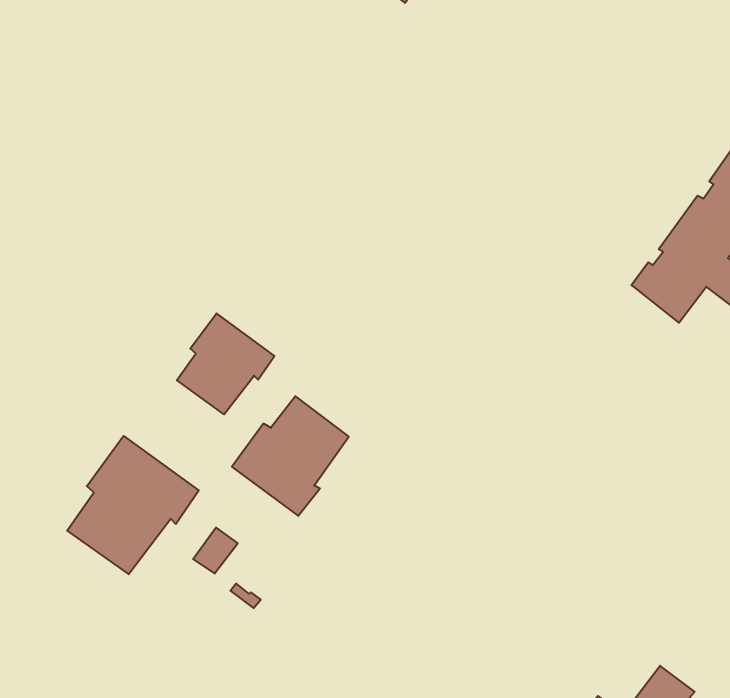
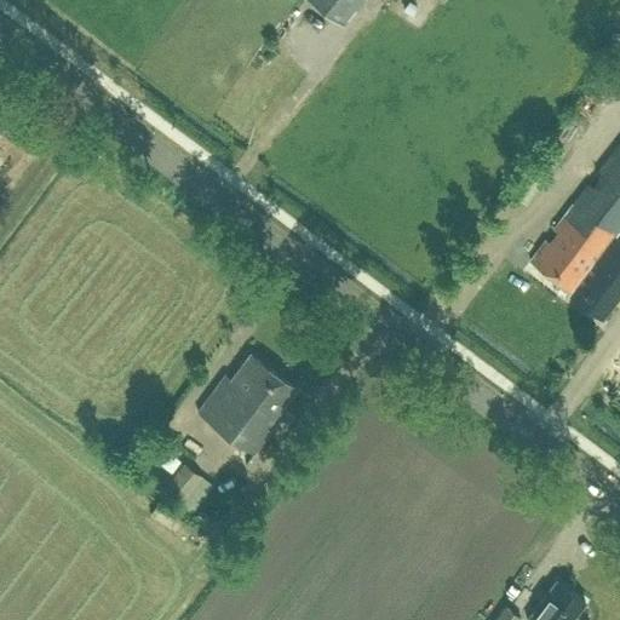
building: [177,313,274,414] -> none
building: [67,436,199,574] -> none

